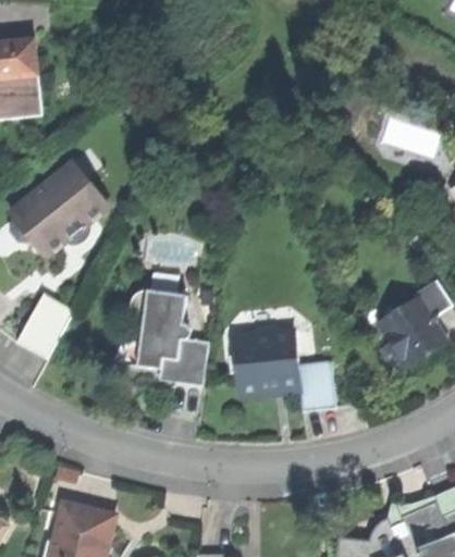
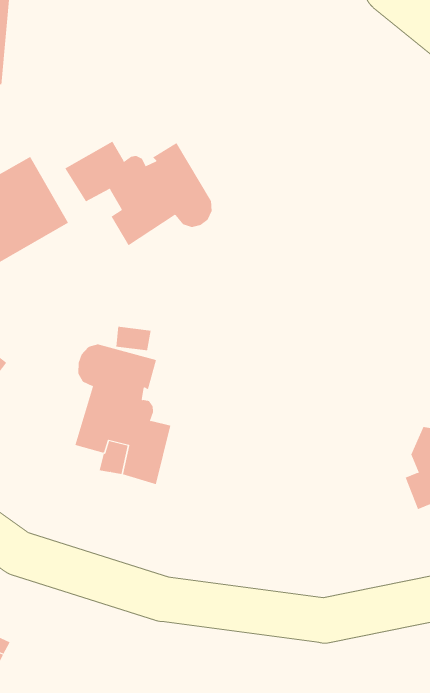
building: none -> [64,141,212,246]
building: [235,326,335,410] -> none

